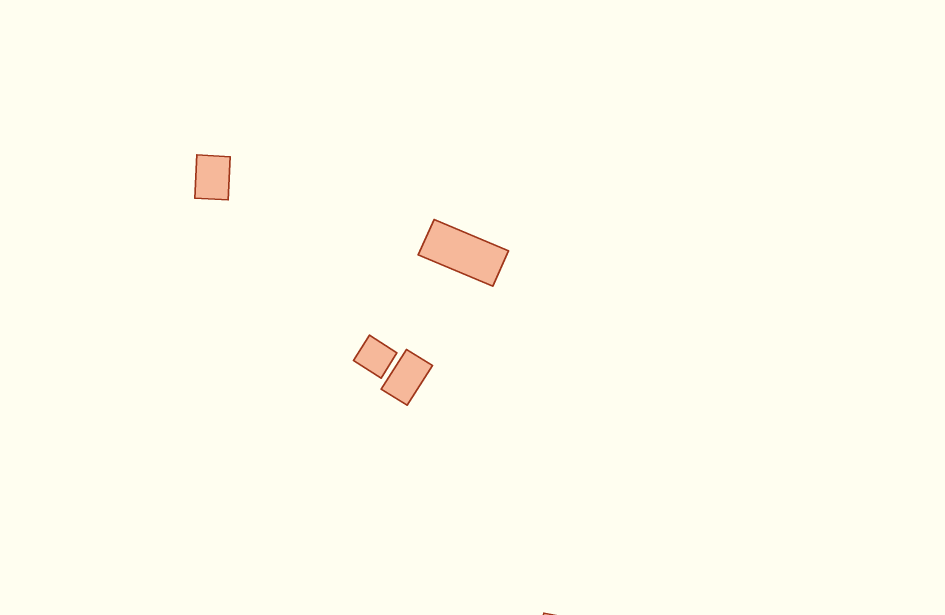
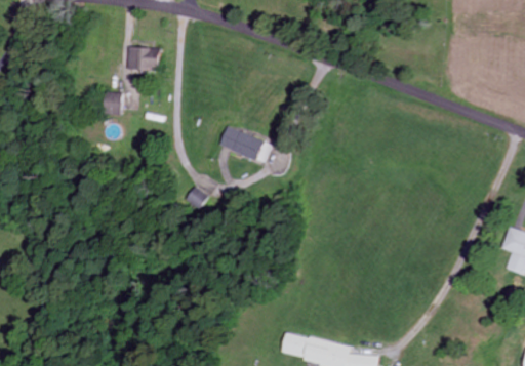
building: none -> [128,47,160,71]
building: [381,349,433,405] -> none

